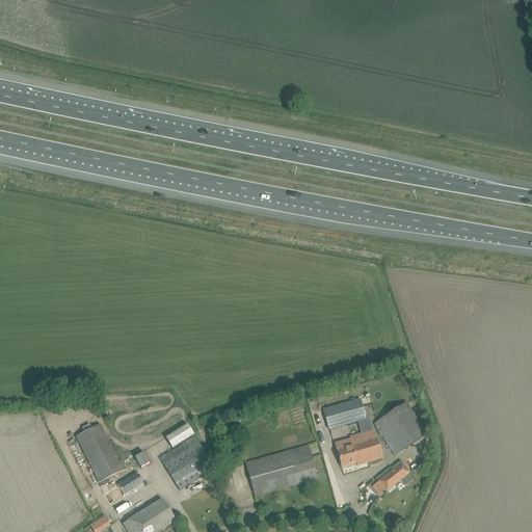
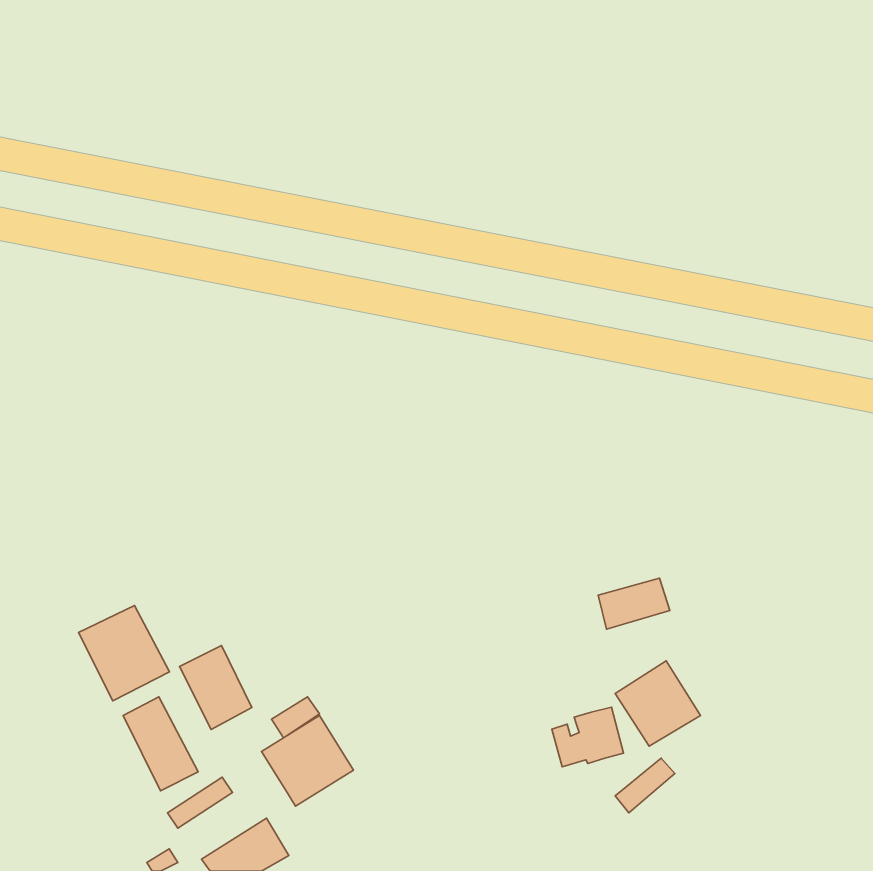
building: none -> [79,605,169,701]
building: none -> [179,646,252,730]
building: [322,397,366,428] -> [598,578,670,629]
building: [245,445,317,496] -> none

